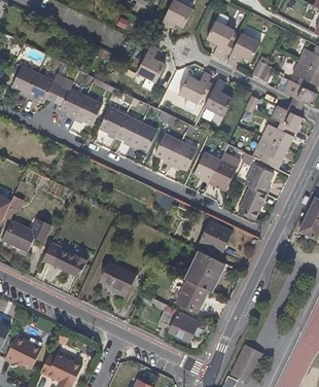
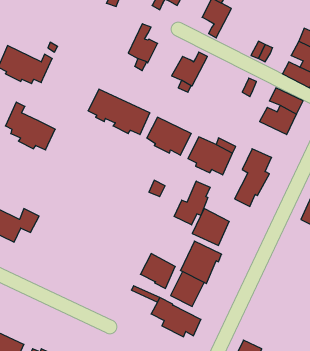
building: [225,33,259,65] -> none
building: [54,77,101,122] -> [5,102,55,150]
building: [203,78,231,115] -> none
building: [251,137,286,168] -> none
building: none -> [174,181,210,225]
building: [43,244,86,277] -> none
building: [101,262,134,295] -> [140,254,175,288]

